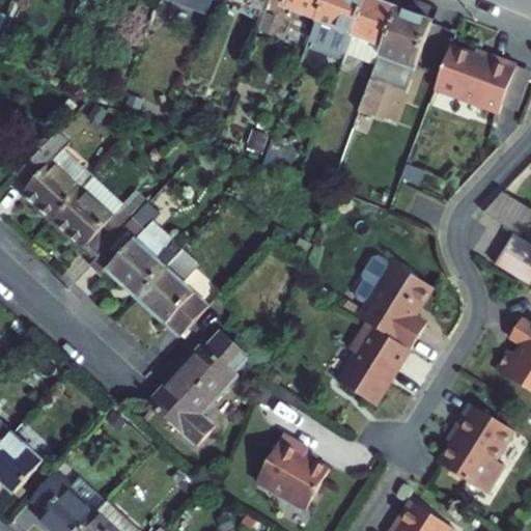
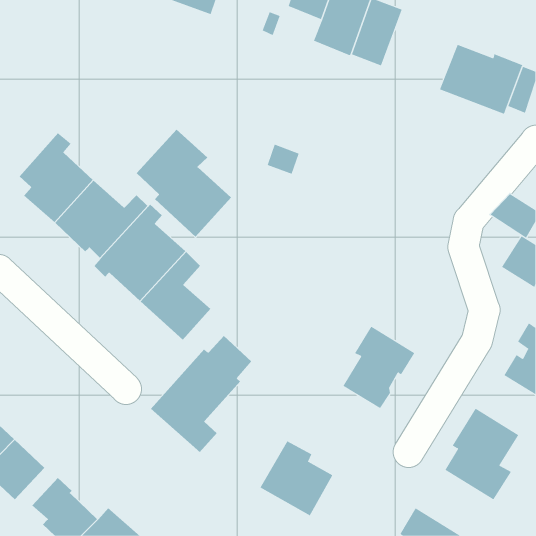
building: [359,9,432,117] -> none
building: none -> [136,129,232,237]
building: [355,255,431,348] -> none

